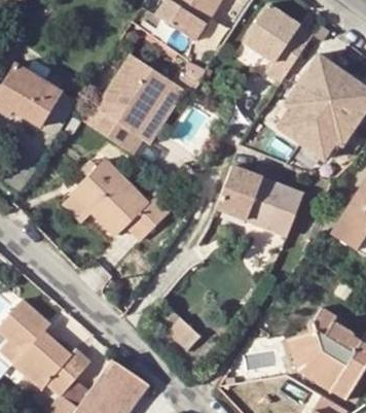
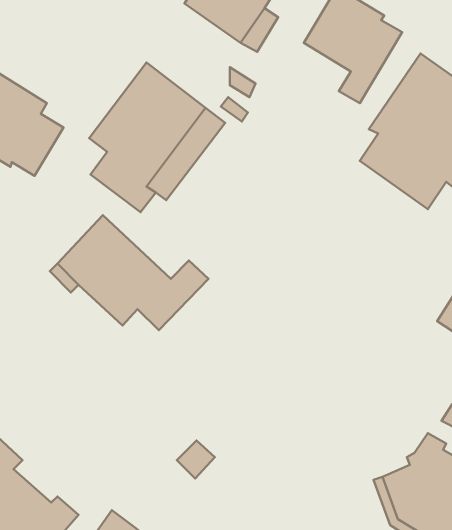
building: [217,164,303,234] -> none

